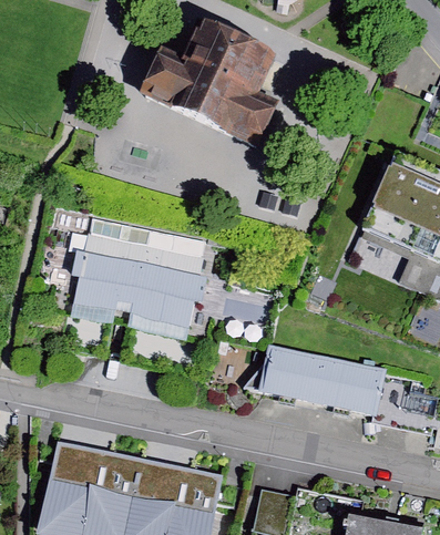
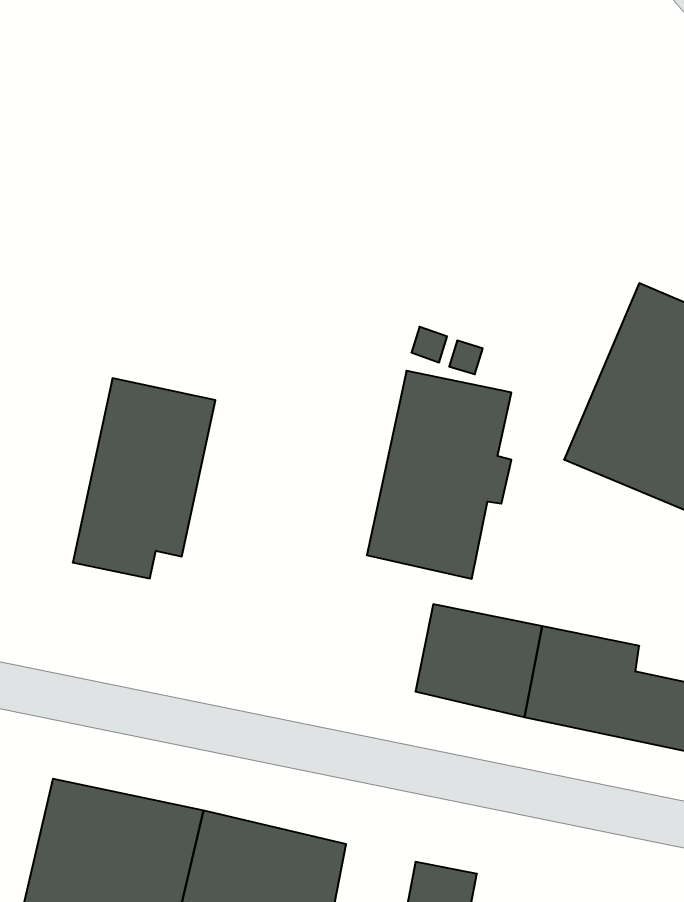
building: [139,14,284,144] -> none
building: [127,229,208,346] -> [367,371,511,579]

